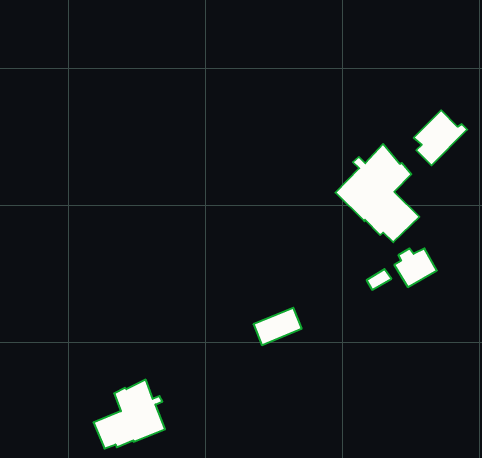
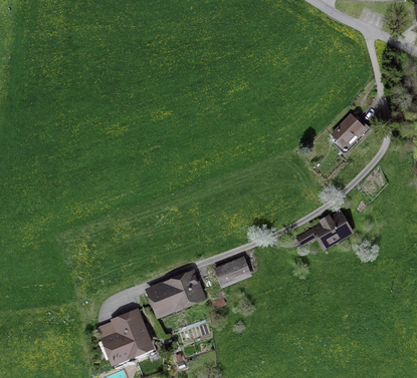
building: [335,144,419,242] -> none
building: none -> [150,272,202,313]

